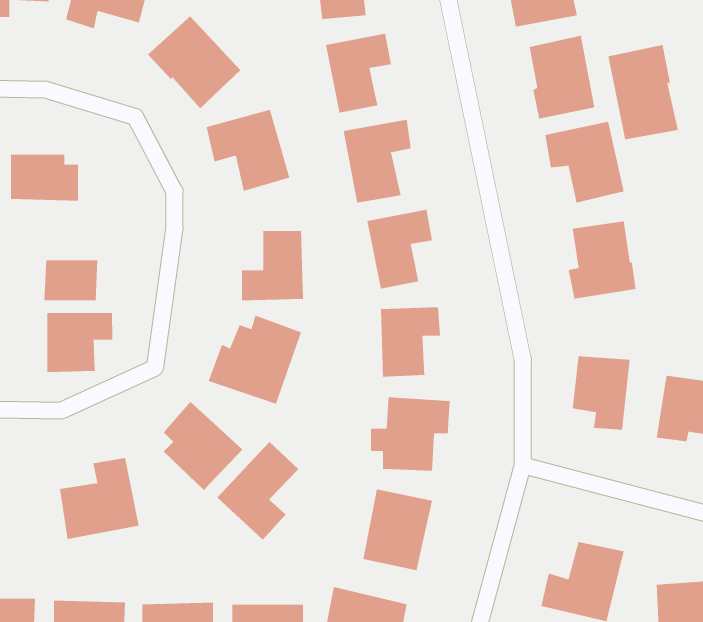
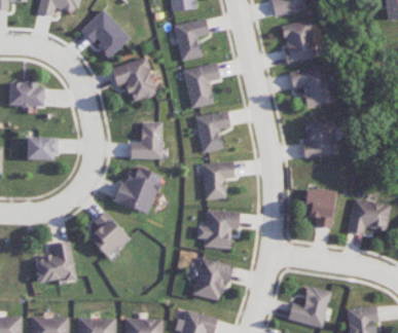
building: [608,44,679,140] -> none
building: [47,312,113,373] -> none
building: [216,441,299,541] -> none

